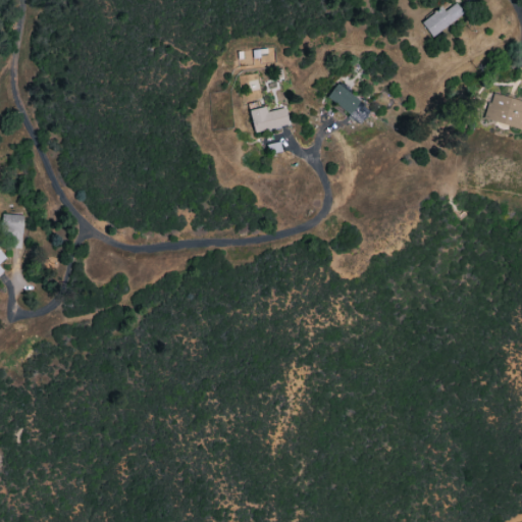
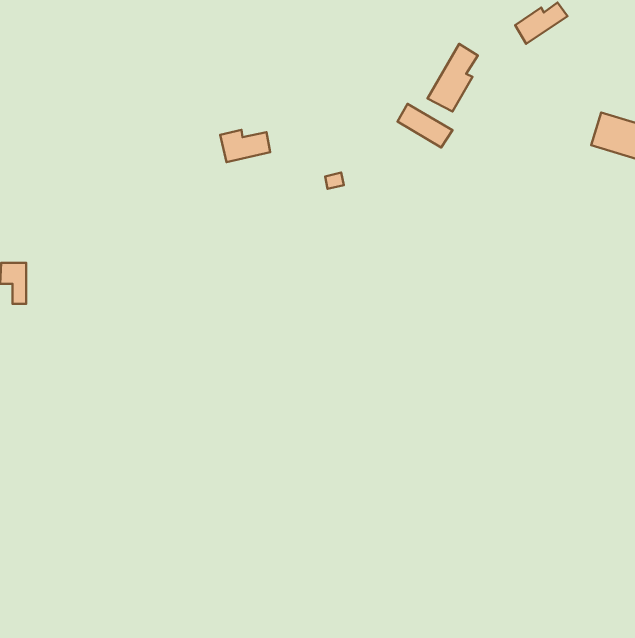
building: none -> [427,44,478,112]
building: [250,105,291,132] -> [220,130,270,162]

